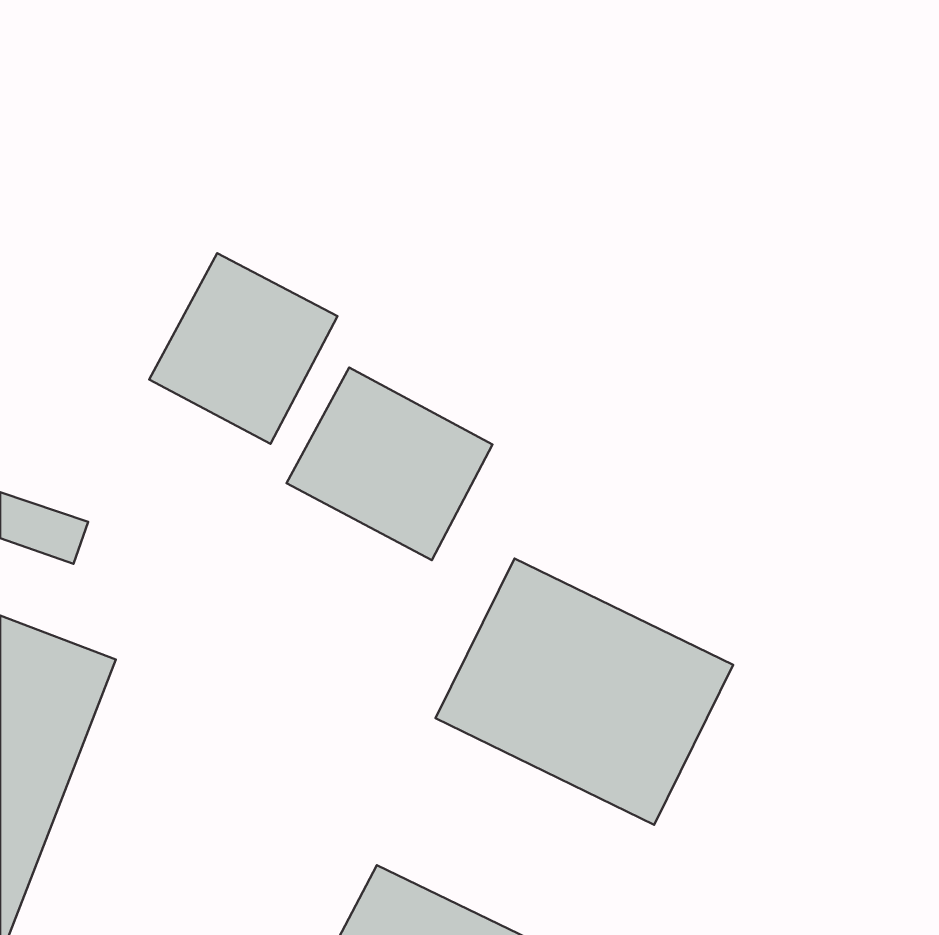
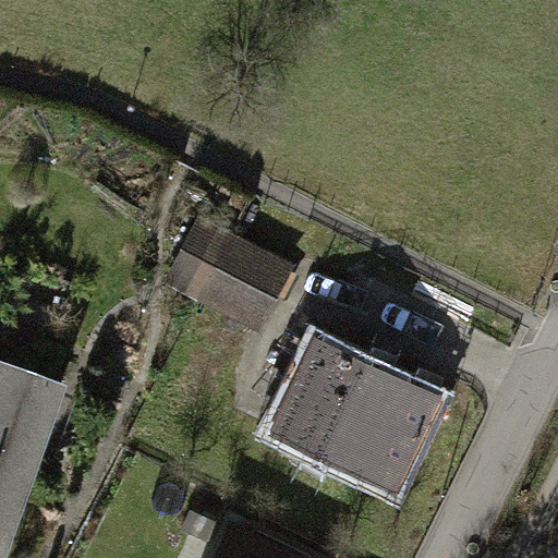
building: [149,253,338,444] -> none

